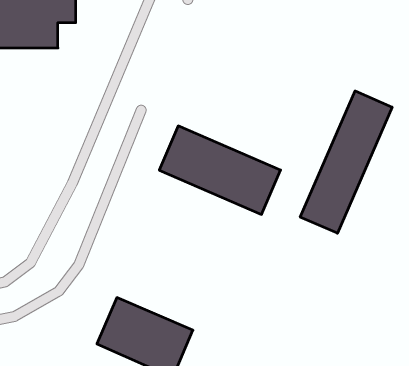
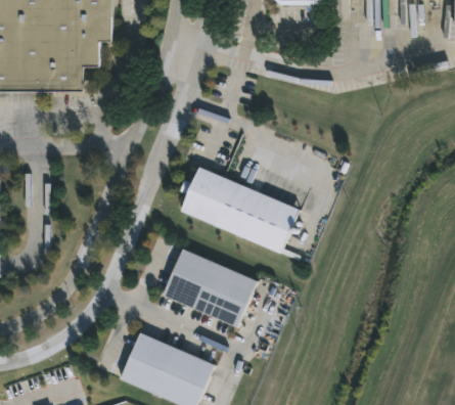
building: [300,91,392,233] -> none
building: none -> [163,249,257,325]

